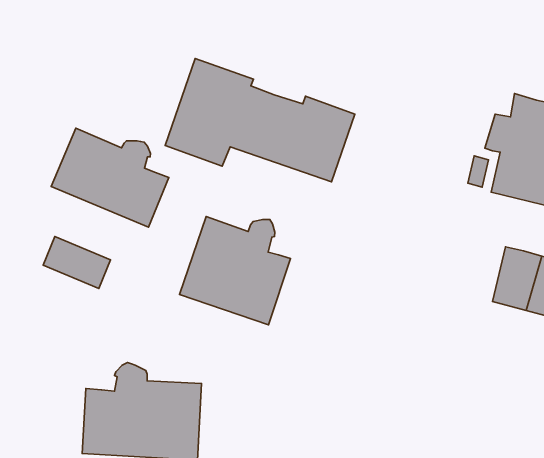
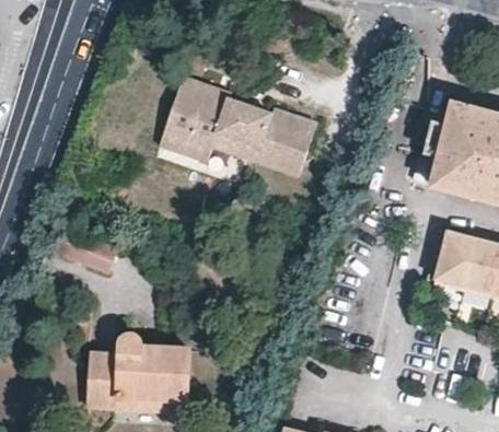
building: [51,128,169,227] -> none
building: [179,217,291,325] -> none

